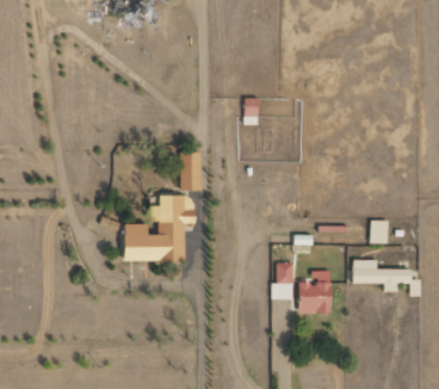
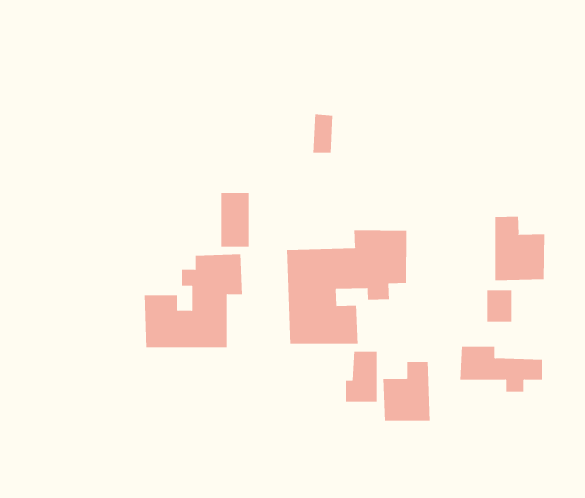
building: none -> [495,216,545,281]
building: none -> [287,230,407,344]

